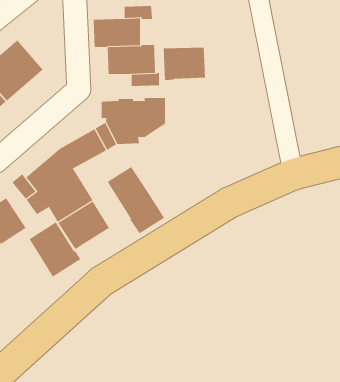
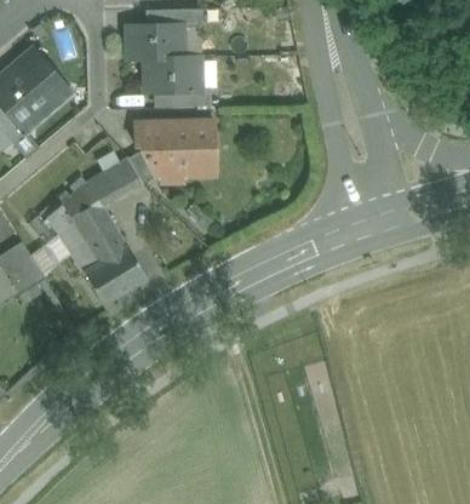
building: [163,47,206,81] -> none
building: [107,166,165,234] -> none
building: [29,222,81,277] -> none

